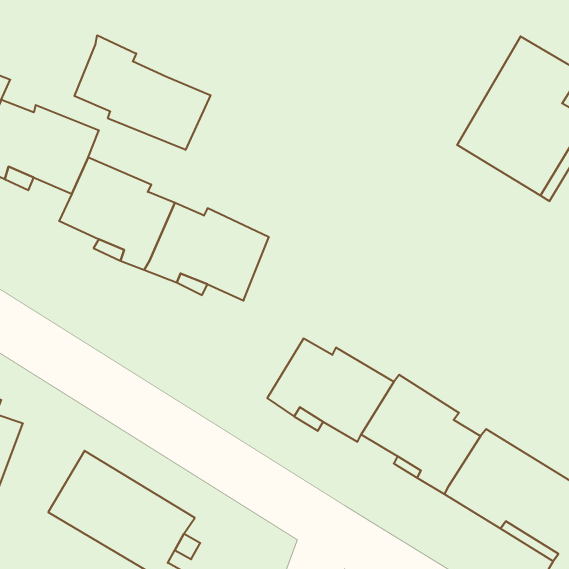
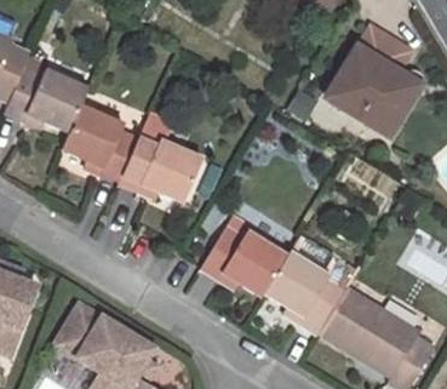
building: [74,35,210,150] -> none

